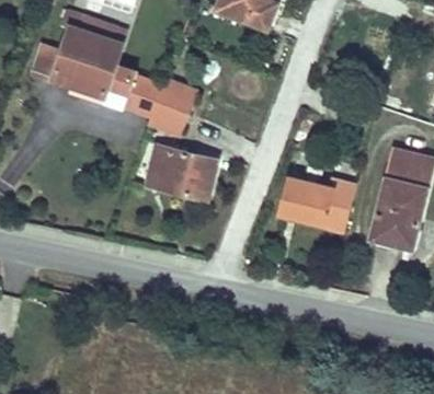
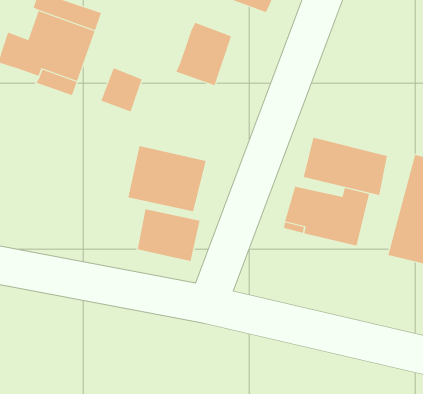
building: [147,80,195,135] -> [176,22,232,86]
building: none -> [303,137,387,196]
building: none -> [137,209,200,262]

